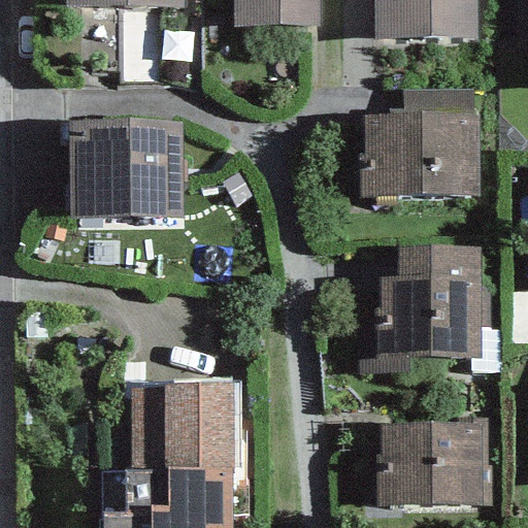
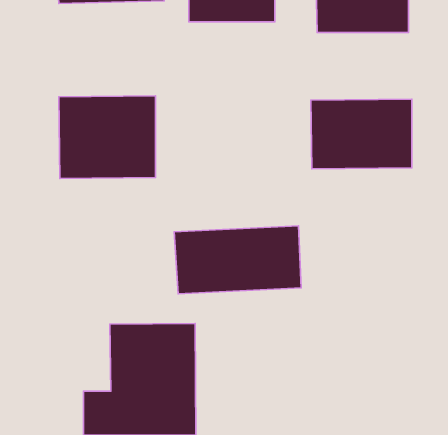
building: [361,239,491,368] -> none
building: none -> [174,226,301,294]
building: [378,421,493,506] -> none

